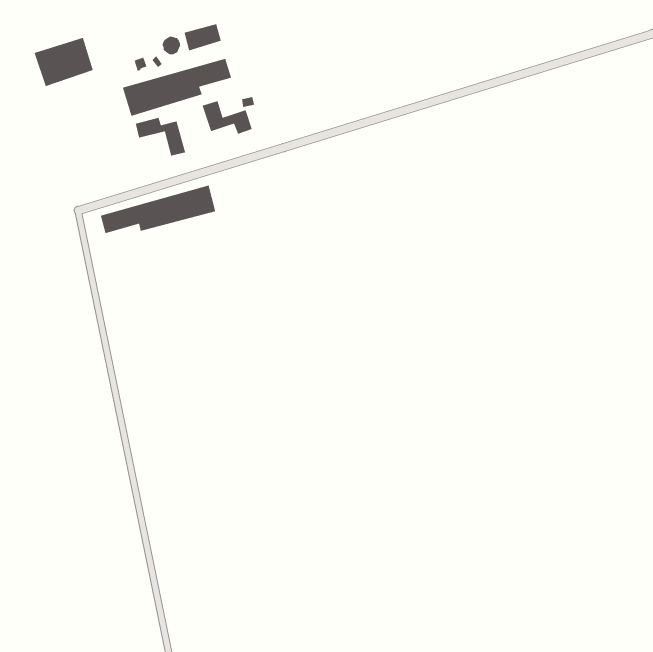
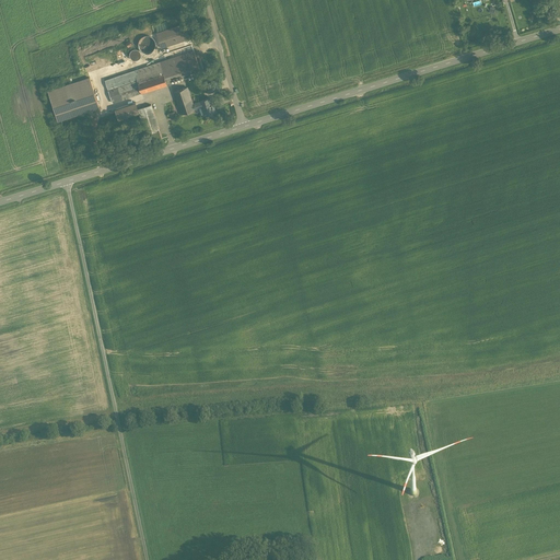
building: [34,37,94,87] -> [45,81,96,124]
building: [100,185,216,234] -> none

